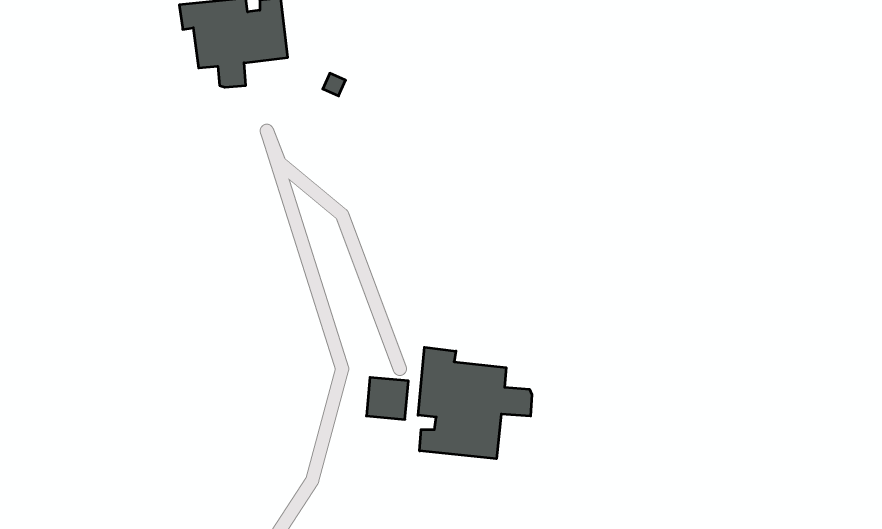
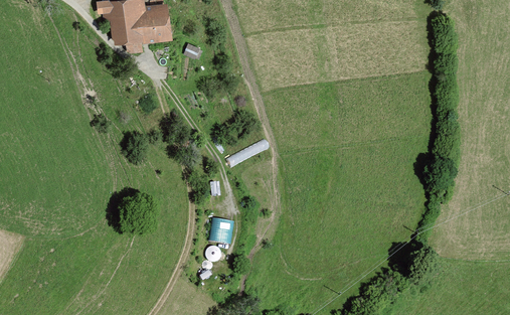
building: [418,347,532,459] -> none

